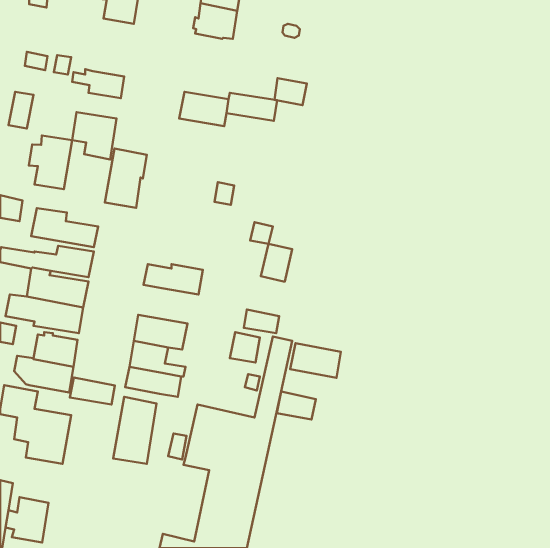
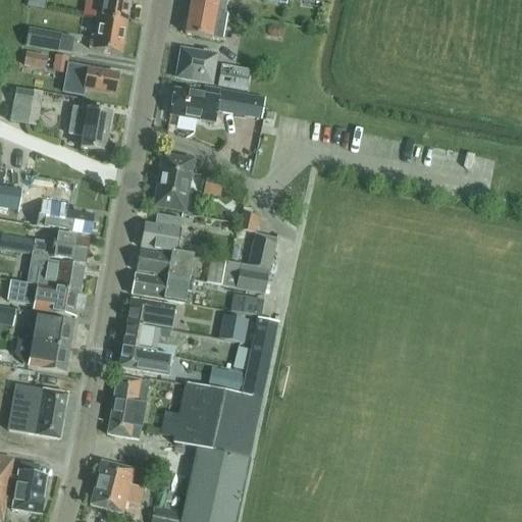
building: none -> [90,17,127,53]
building: none -> [27,27,75,52]
building: none -> [177,48,216,82]
building: [274,78,307,105] -> [218,62,249,88]
building: [29,135,72,189] -> none
building: [105,148,147,208] -> [155,154,195,210]
building: none -> [141,213,181,252]
building: none -> [133,272,189,302]
building: [290,343,341,378] -> [221,260,269,293]
building: [70,377,115,404] -> none
building: [277,391,316,420] -> [208,366,245,393]
building: none -> [91,460,144,512]

